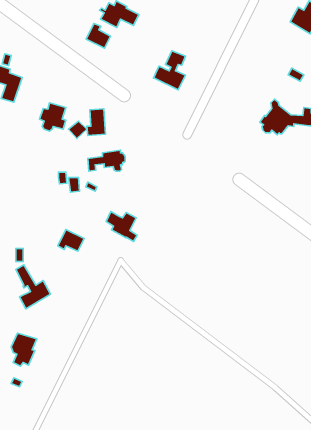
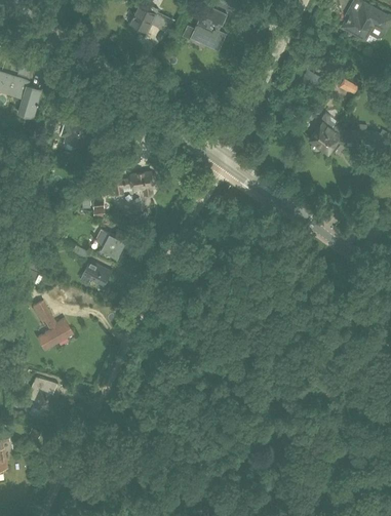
building: [86,23,110,48] -> none
building: [154,51,186,90] -> [190,6,226,50]
building: [87,109,106,135] -> none
building: [106,212,137,242] -> [94,229,129,263]

